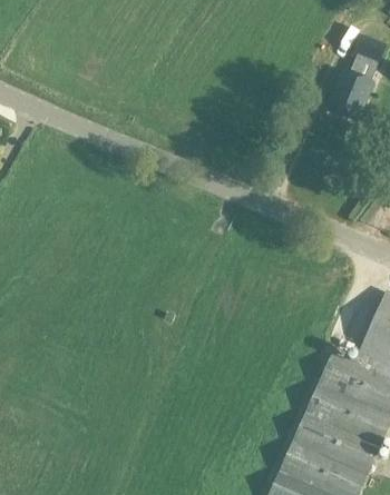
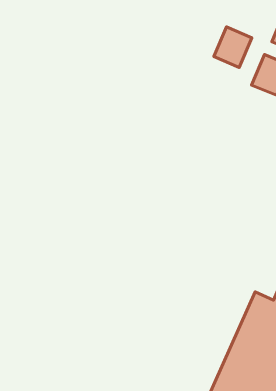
building: none -> [214,27,252,68]

